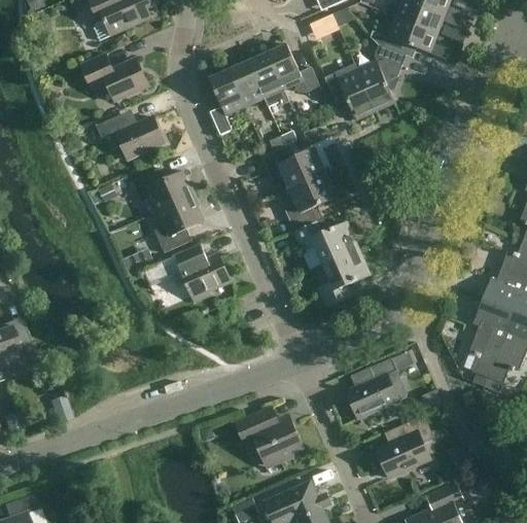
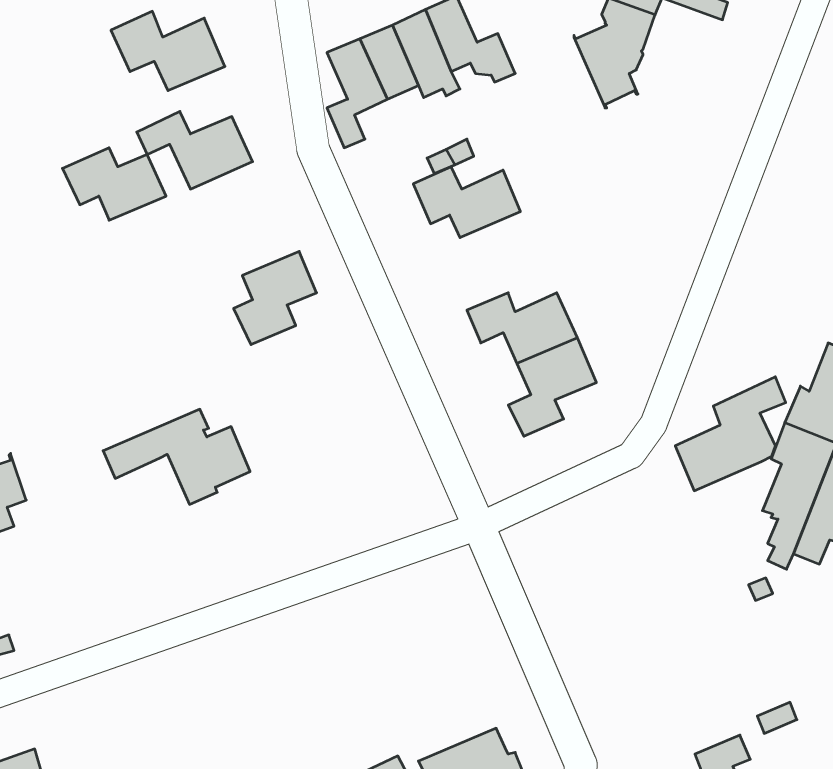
building: [324,69,375,120] -> none
building: [131,168,192,211] -> [62,148,166,220]
building: [283,173,336,231] -> none
building: [142,244,230,301] -> [103,409,250,504]
building: [346,350,412,418] -> [675,377,786,491]
building: [235,407,303,466] -> none
building: [376,415,433,478] -> none

